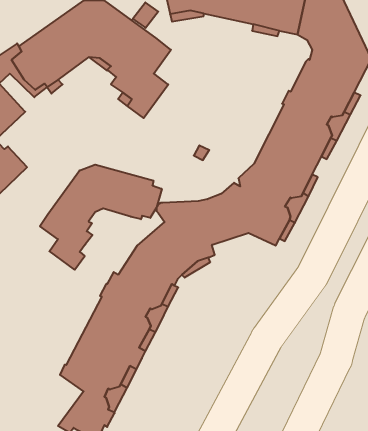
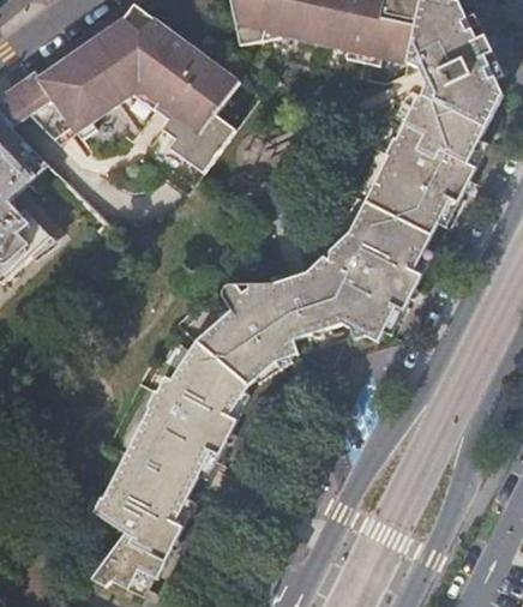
building: [40,165,162,270] -> none

